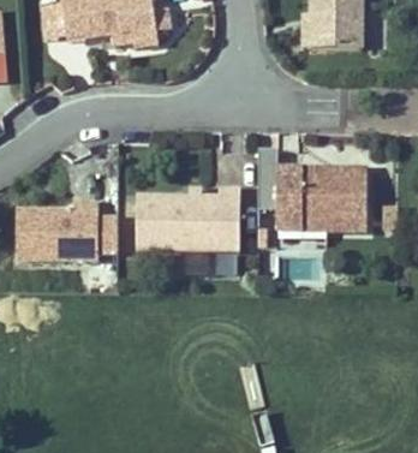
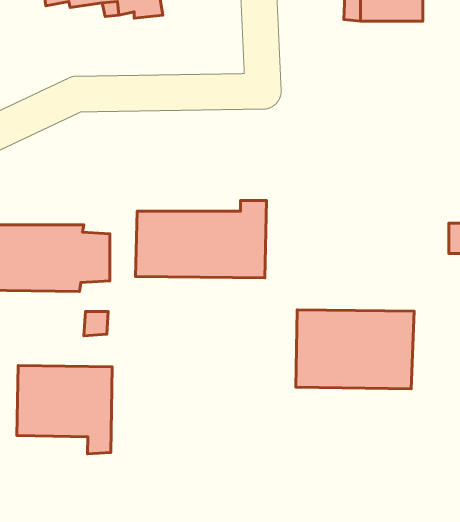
building: [275,169,369,232] -> [296,310,414,389]
building: none -> [17,366,112,454]

